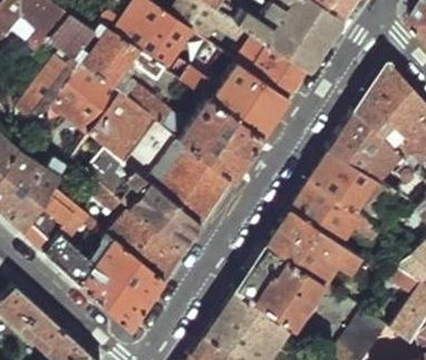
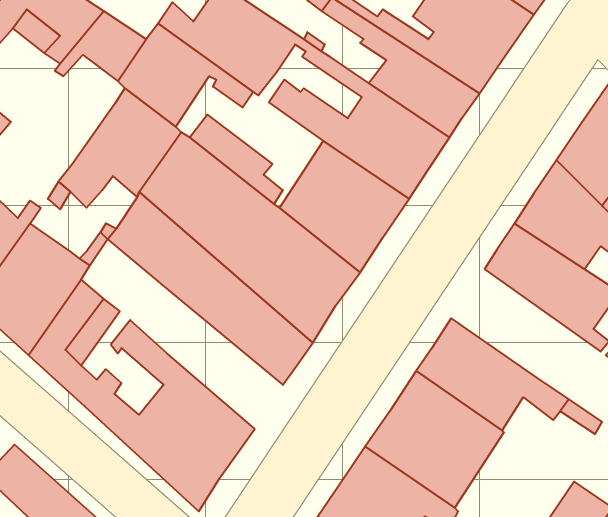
building: [35,61,76,112] -> none
building: [289,178,383,247] -> none
building: [104,193,183,279] -> none

